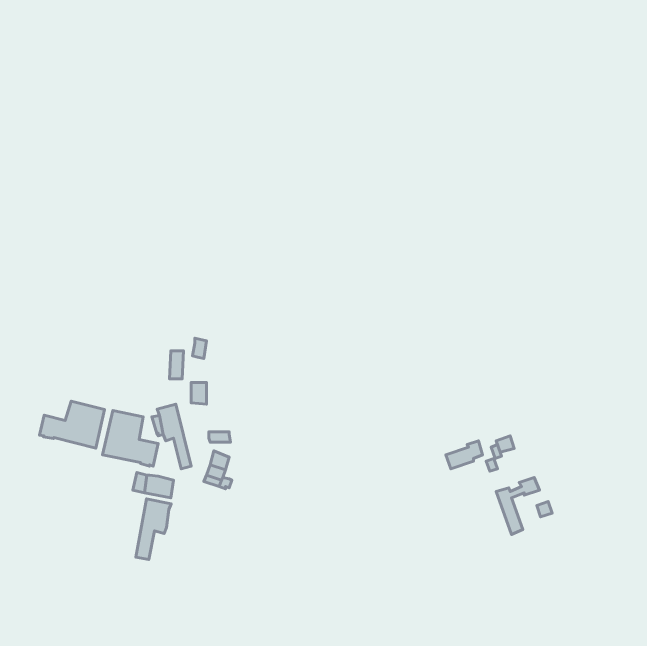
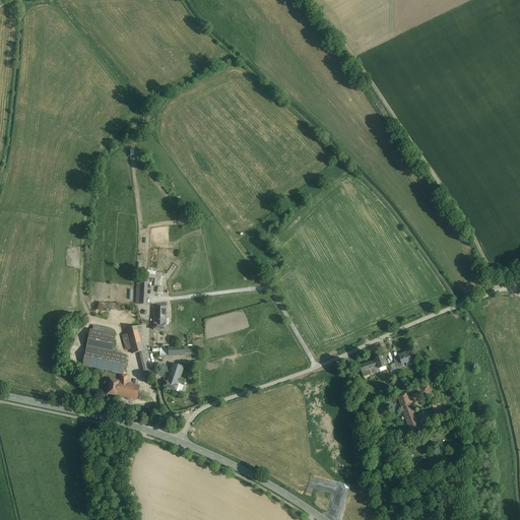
building: [39,401,105,448] -> none
building: [136,499,171,559] -> none

